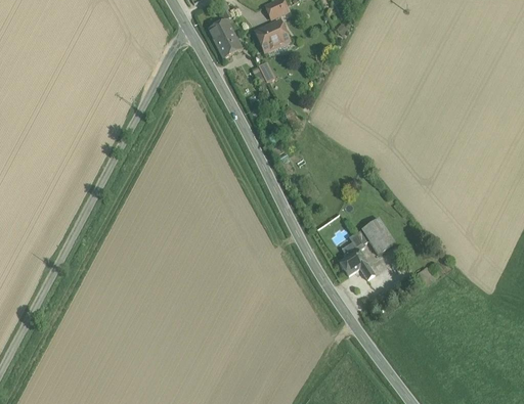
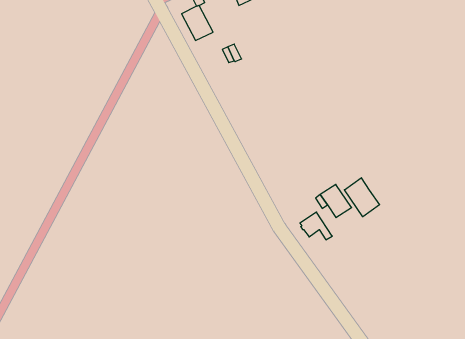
building: [255,18,289,50] -> none
building: none -> [344,178,380,217]

